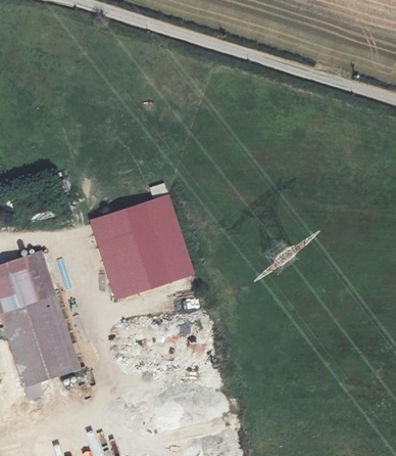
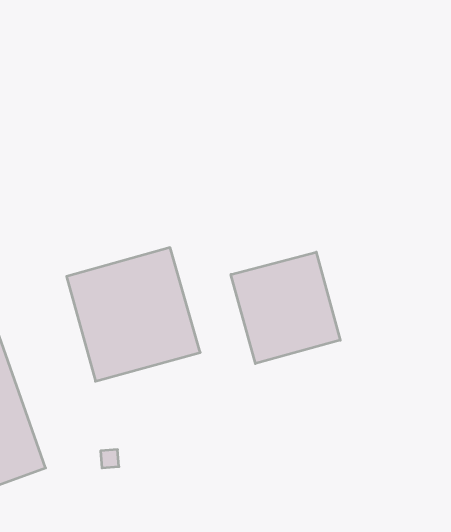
building: none -> [231,252,340,364]

